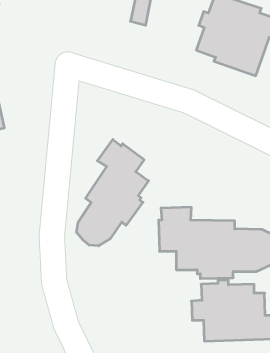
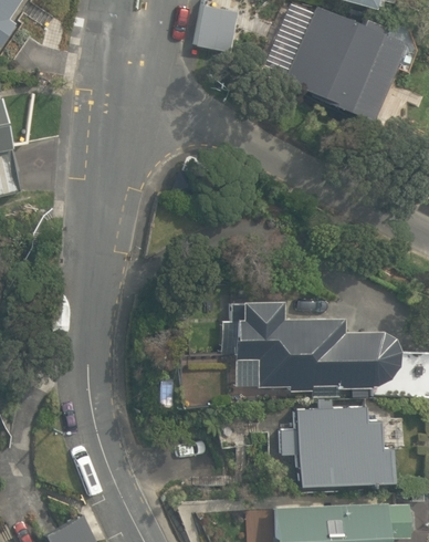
building: [76,139,149,246] -> none

